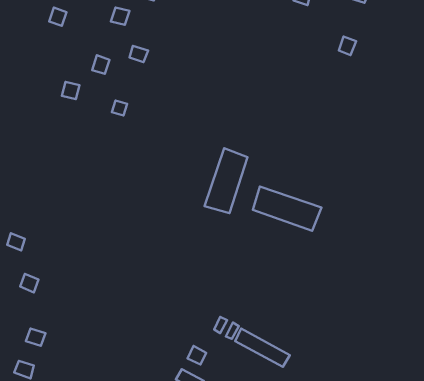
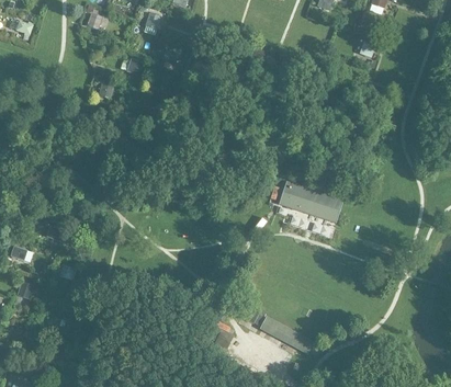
building: [204,148,248,213] -> none

